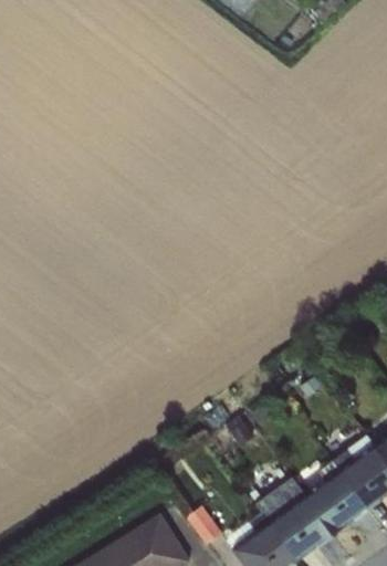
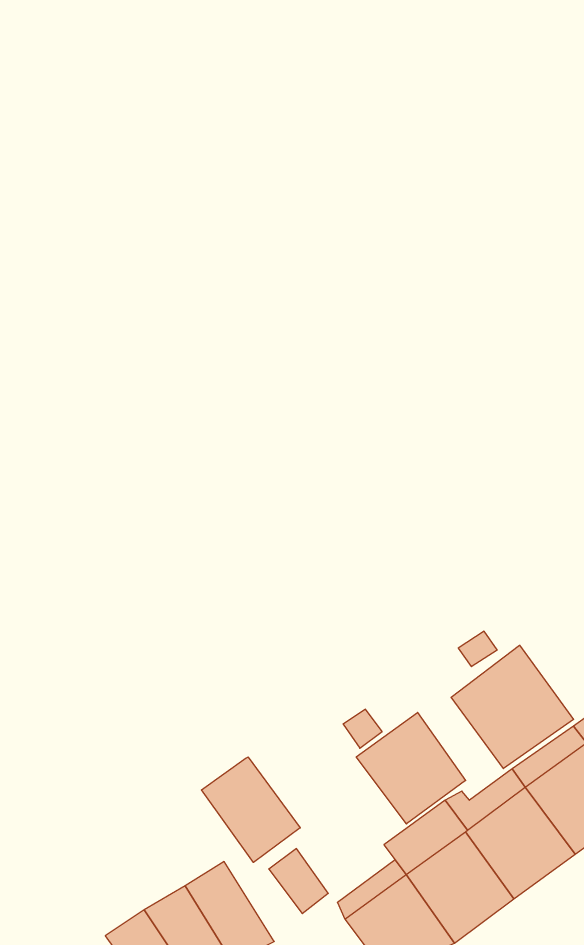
building: none -> [451,645,574,769]
building: none -> [356,712,466,824]
building: none -> [201,757,300,862]

